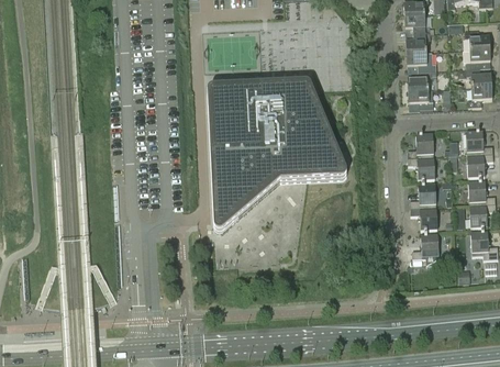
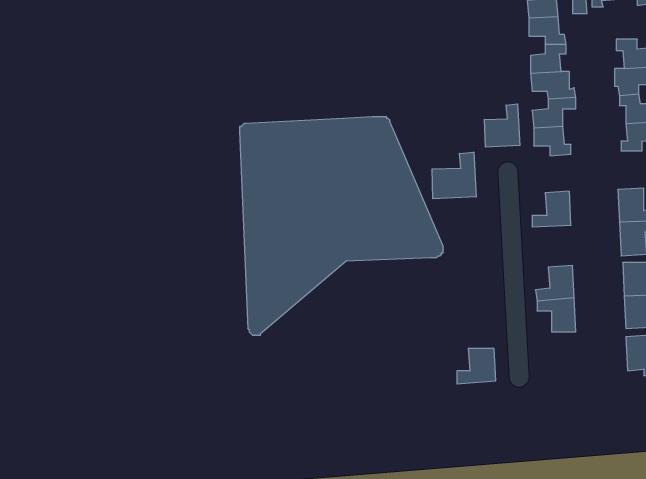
building: none -> [484,104,520,147]
building: none -> [432,152,476,199]
building: [407,157,434,180] -> none
building: [412,235,438,259] -> [457,348,496,384]

